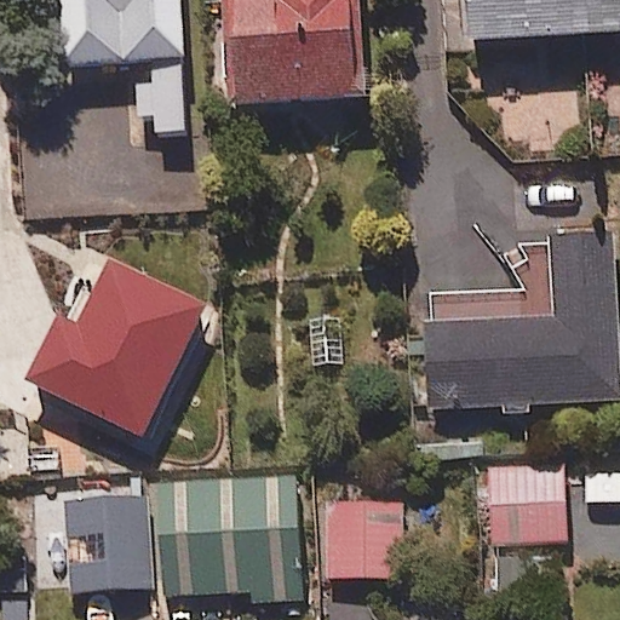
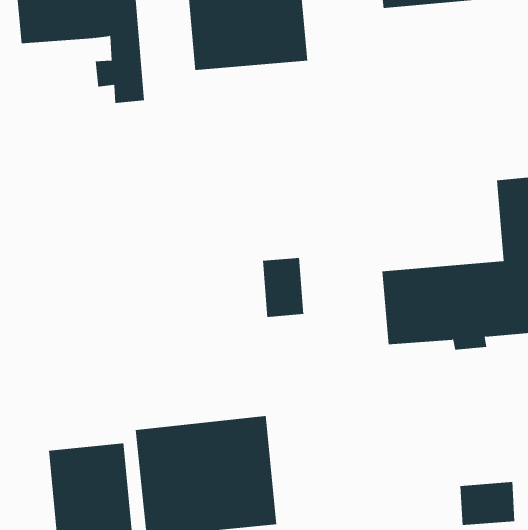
building: [29,260,205,437] -> none
building: [487,461,566,541] -> none
building: [325,500,398,575] -> none

